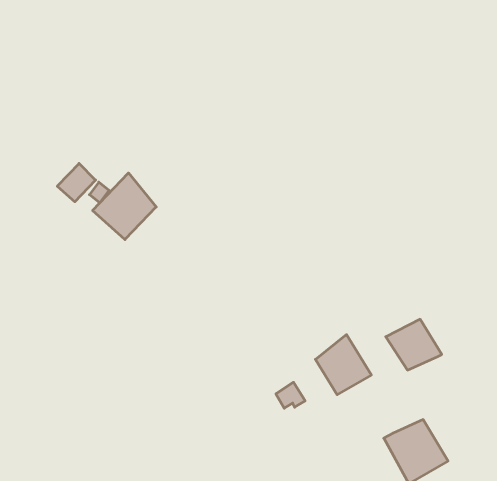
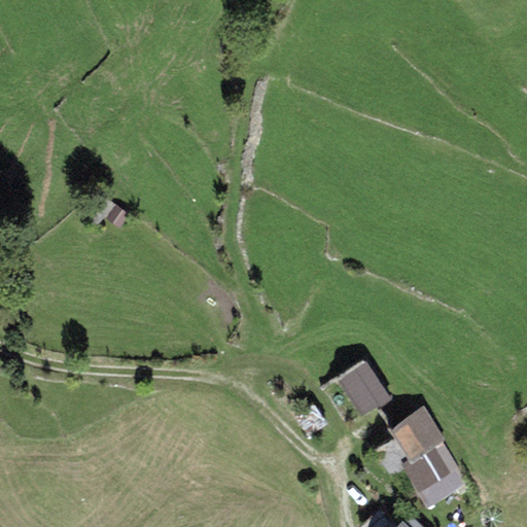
building: [93,173,156,240] -> none
building: [386,319,442,370] -> [390,407,446,457]

